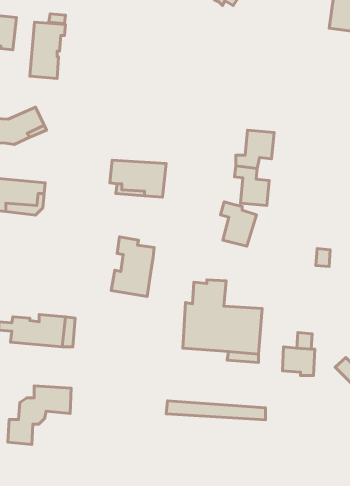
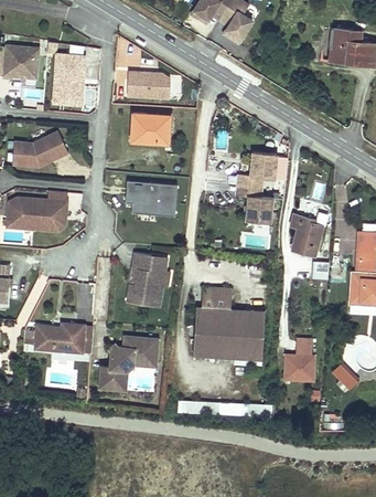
building: none -> [127,72,171,98]
building: none -> [131,114,170,142]
building: [221,202,256,246] -> [290,214,323,255]
building: [8,386,71,445] -> [99,336,158,390]

